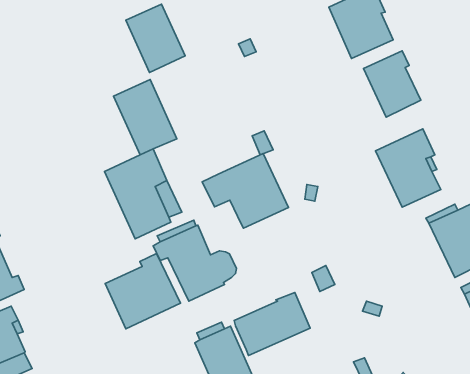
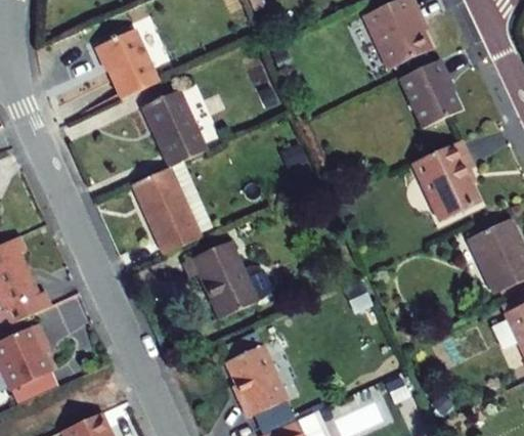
building: [126,4,185,73] -> [97,29,159,99]
building: [202,154,289,228] -> none
building: [105,253,180,329] -> none
building: [234,292,310,356] -> none

